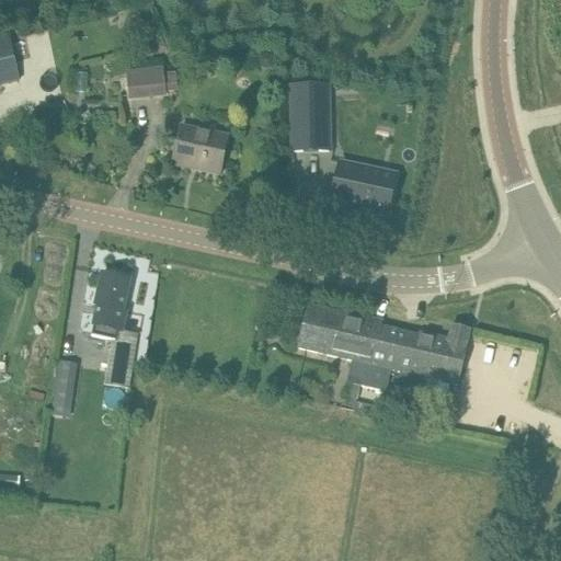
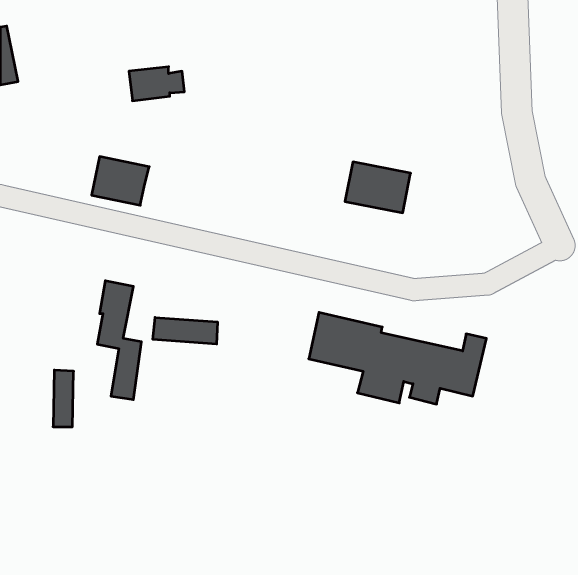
building: [291,82,330,150] -> none
building: [173,125,229,172] -> [92,157,149,205]
building: none -> [153,317,217,344]

